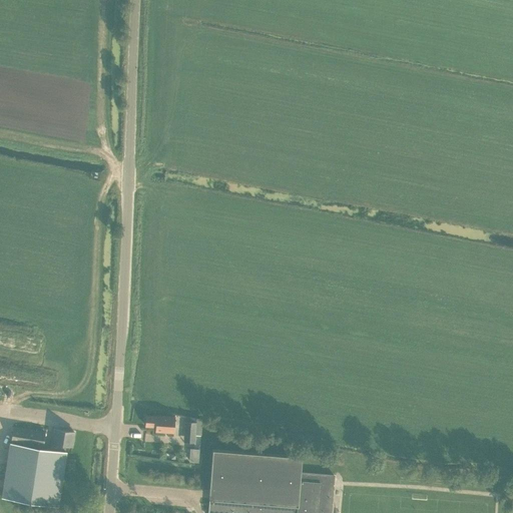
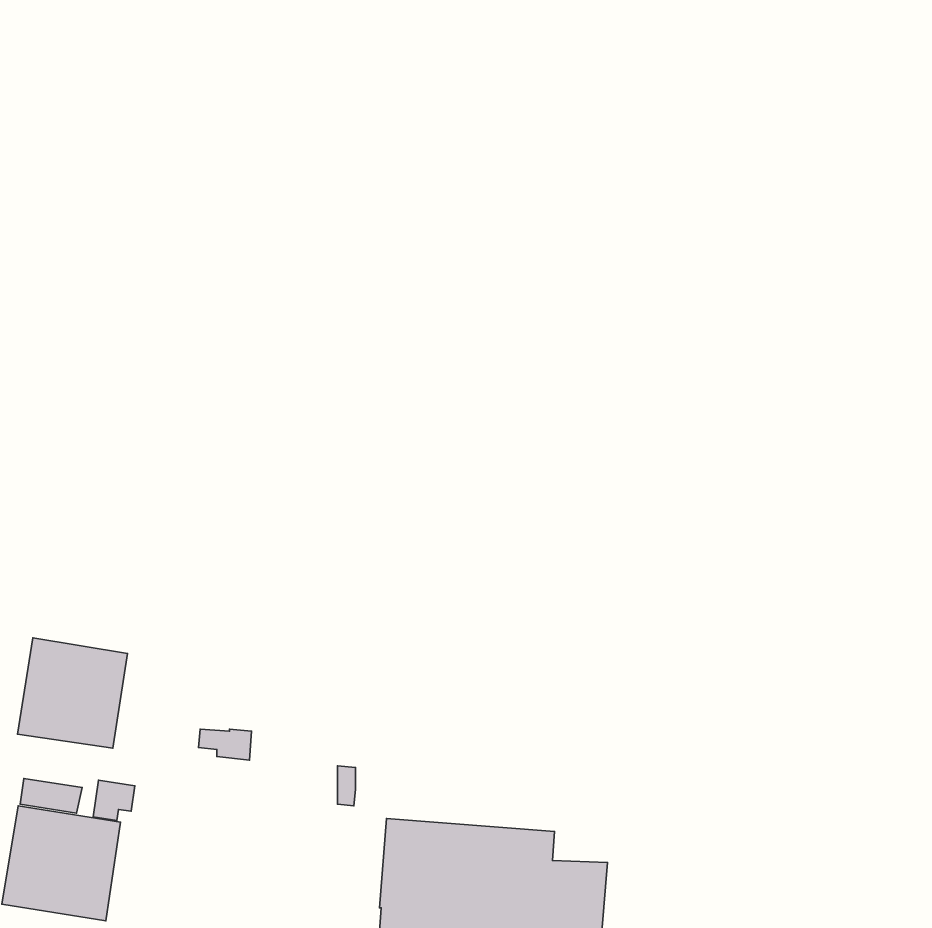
building: none -> [18,638,127,748]
building: [145,418,174,435] -> [198,729,251,760]

